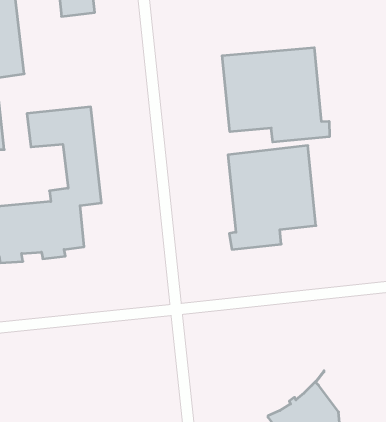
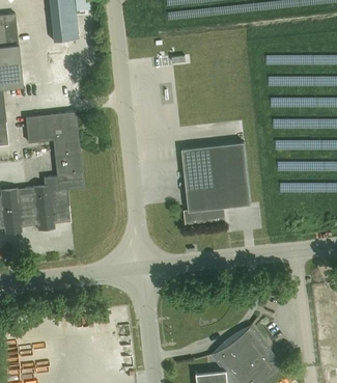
building: [222,48,329,142] -> none

